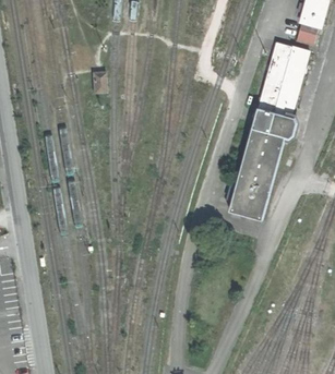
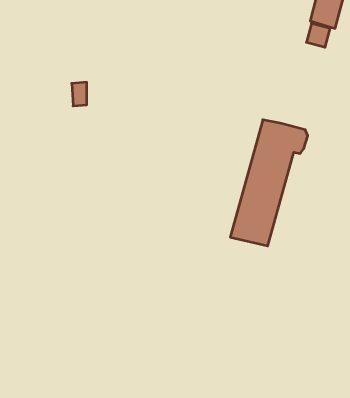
building: [258,40,310,111] -> none

